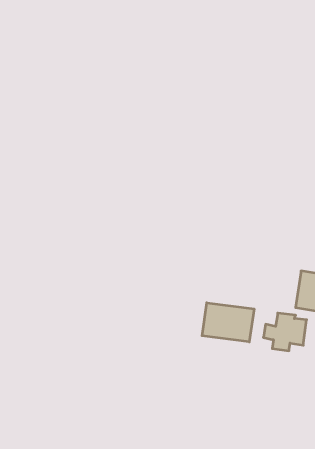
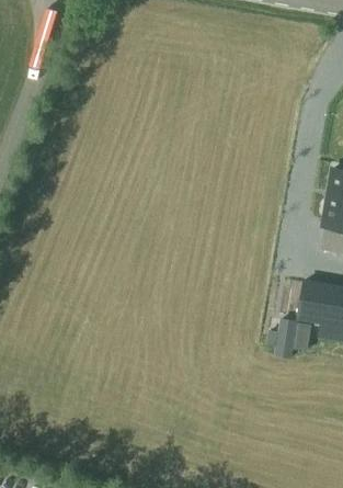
building: [202,303,254,342] -> none

